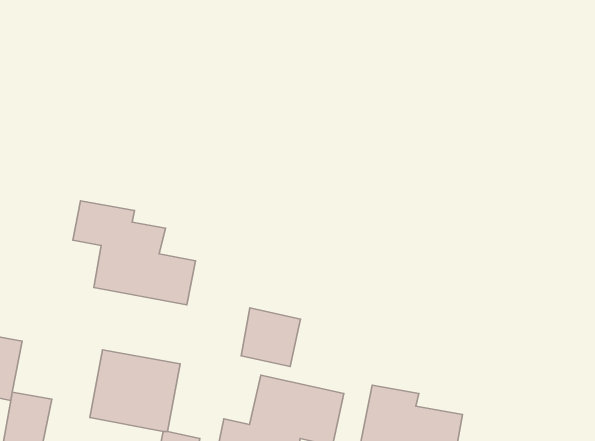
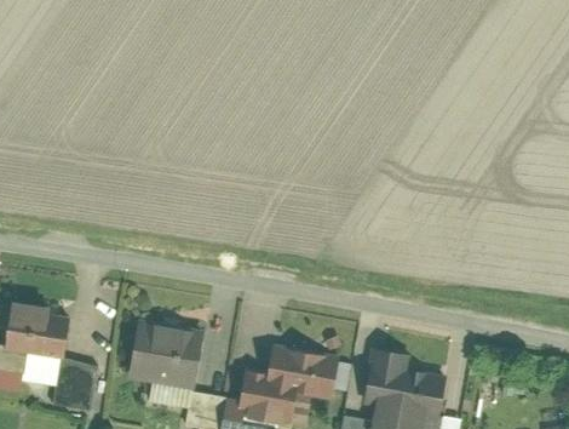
building: [73,201,195,305] -> none
building: [241,308,301,367] -> none

